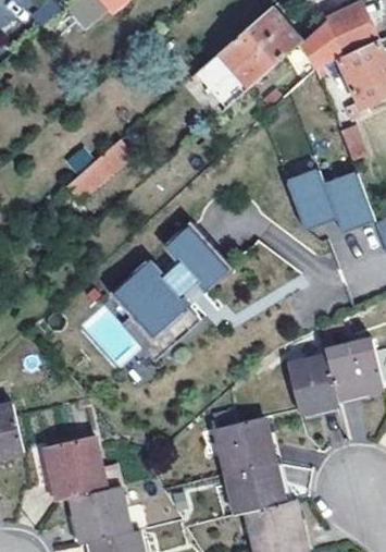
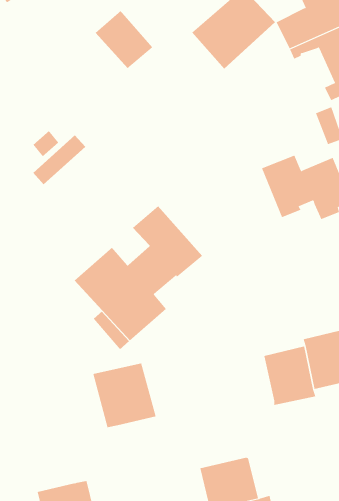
building: [195,51,251,108] -> [95,10,153,69]
building: [216,416,275,474] -> none
building: [45,436,107,499] -> [92,363,156,428]

